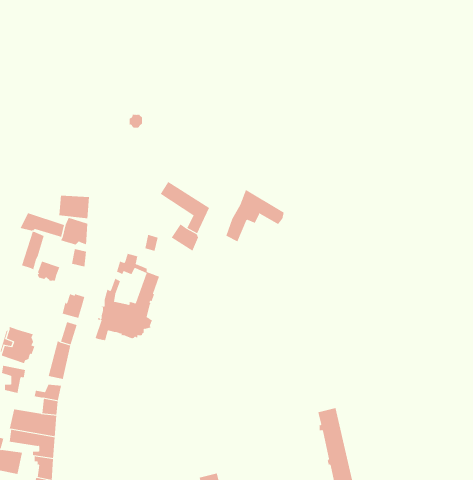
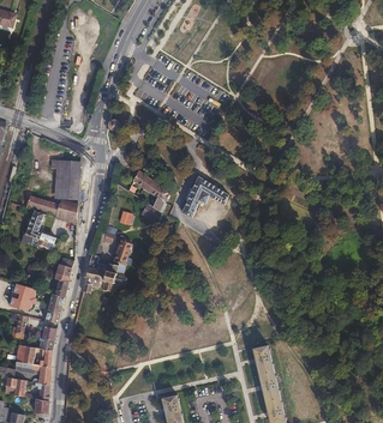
building: none -> [50,159,79,182]

